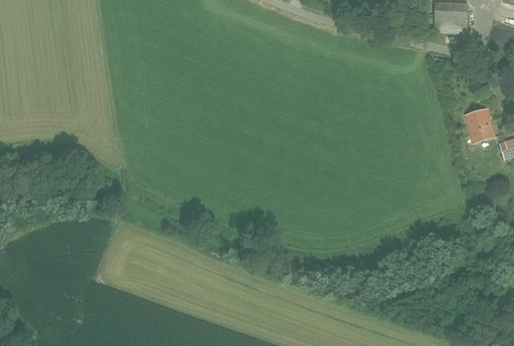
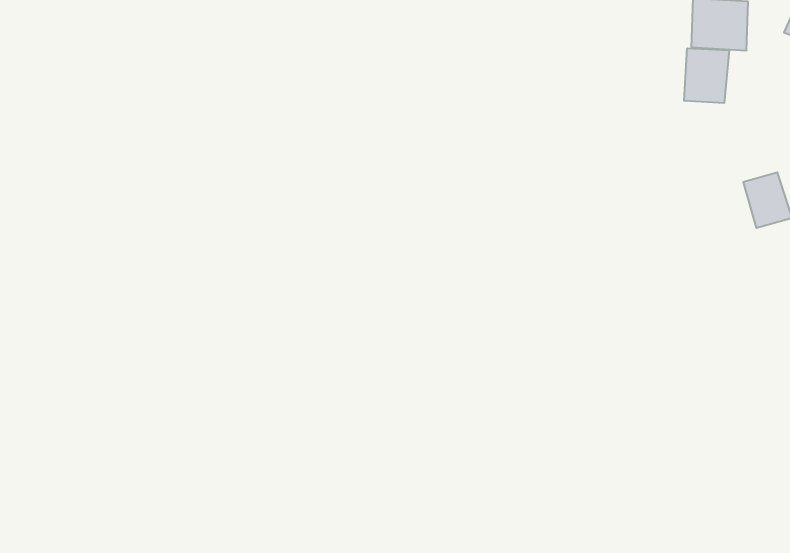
building: none -> [684,48,729,103]

